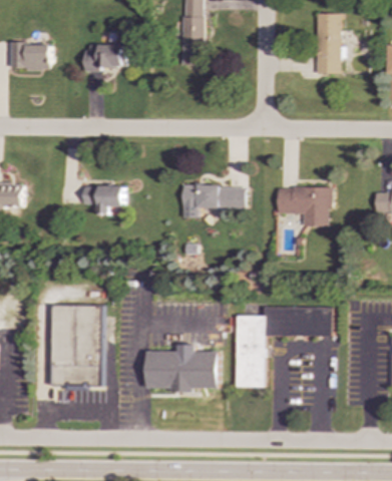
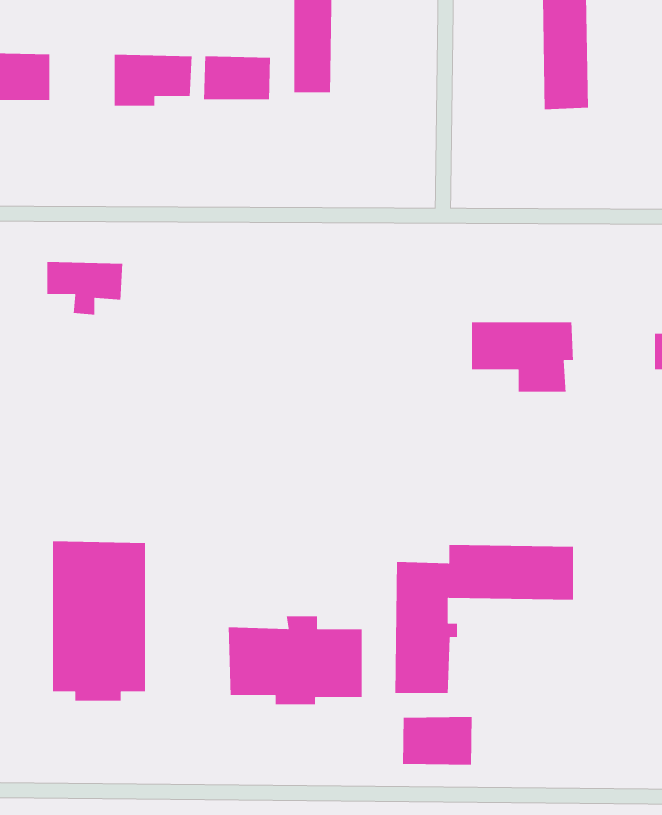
building: none -> [203,55,271,100]
building: [180,184,244,216] -> none
building: [82,185,123,214] -> [46,261,123,315]
building: none -> [402,716,472,766]

